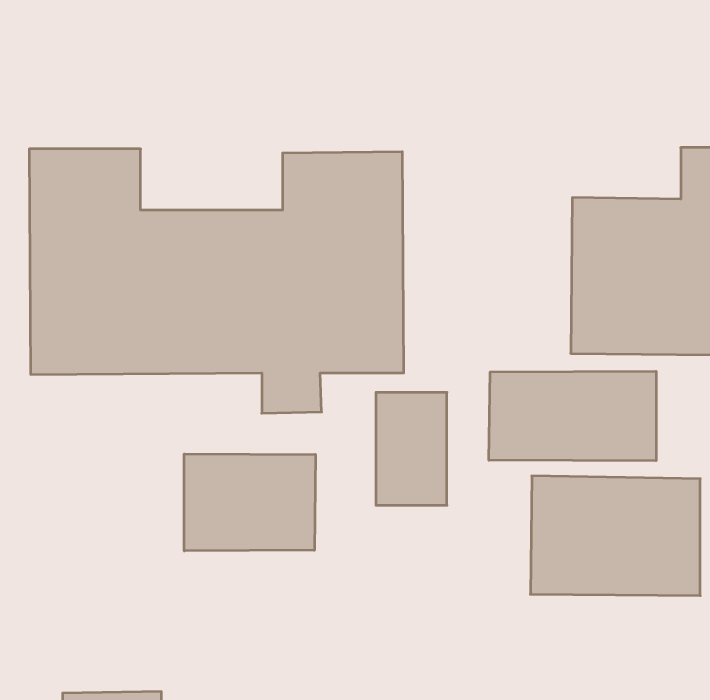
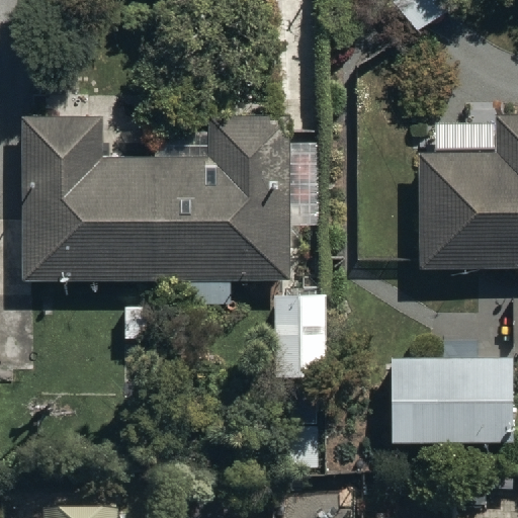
building: [489,371,656,461] -> none
building: [184,454,315,551] -> none

